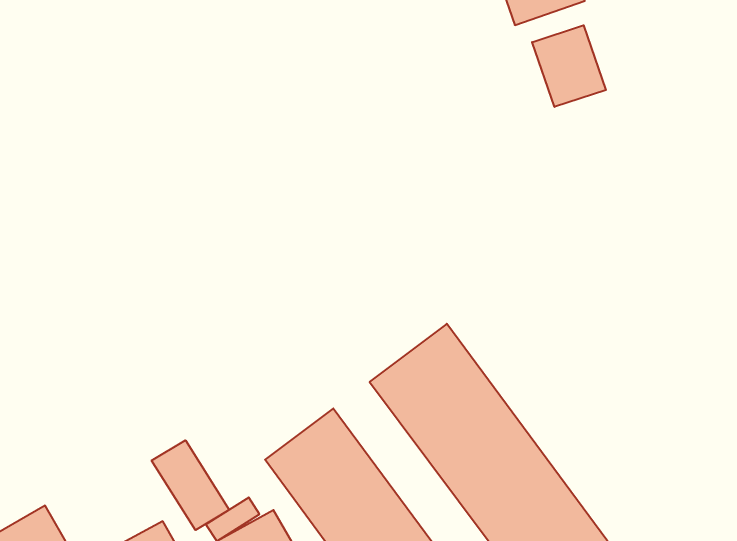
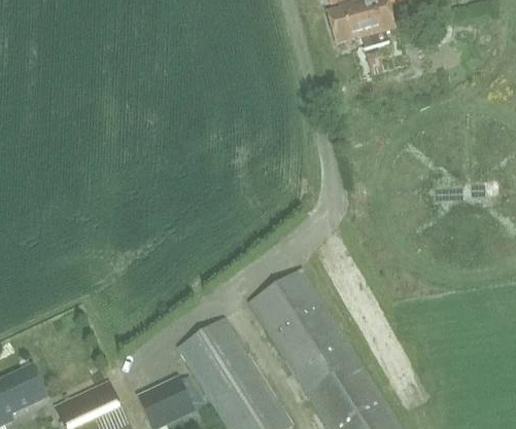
building: [532,25,606,107] -> none
building: [152,440,229,530] -> none

